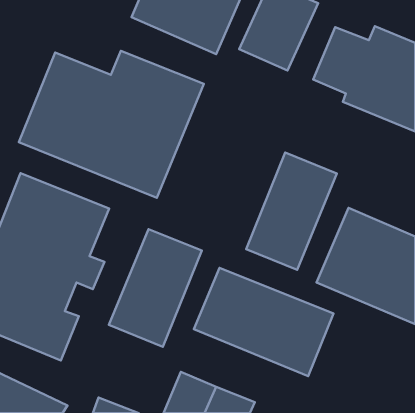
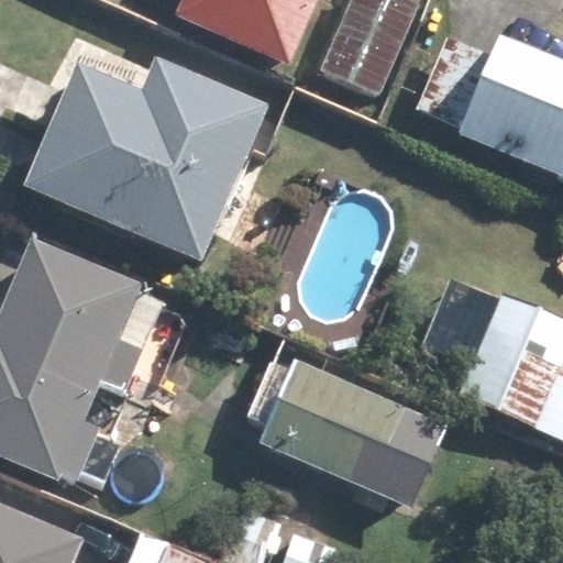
building: [246,153,337,270] -> none
building: [109,229,202,347] -> none

